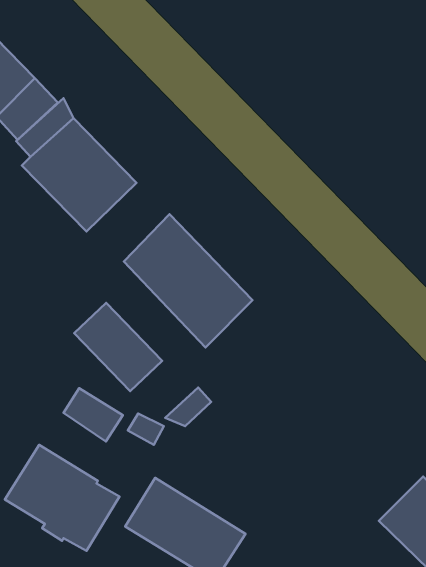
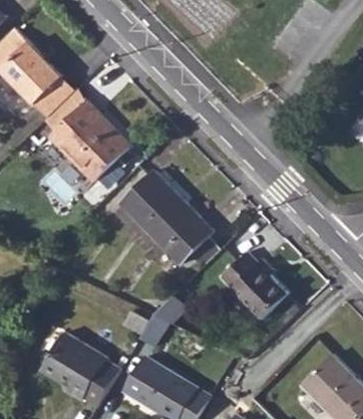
building: [74,303,162,391] -> none
building: none -> [224,249,290,316]
building: [64,388,123,441] -> none

